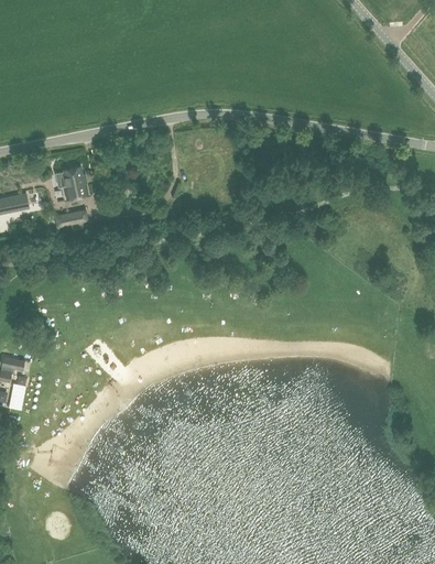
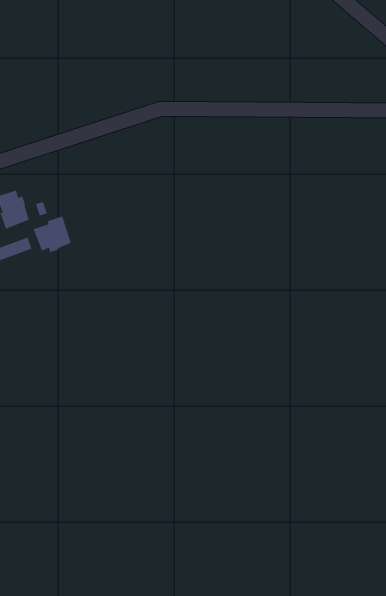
building: none -> [33,216,72,253]

